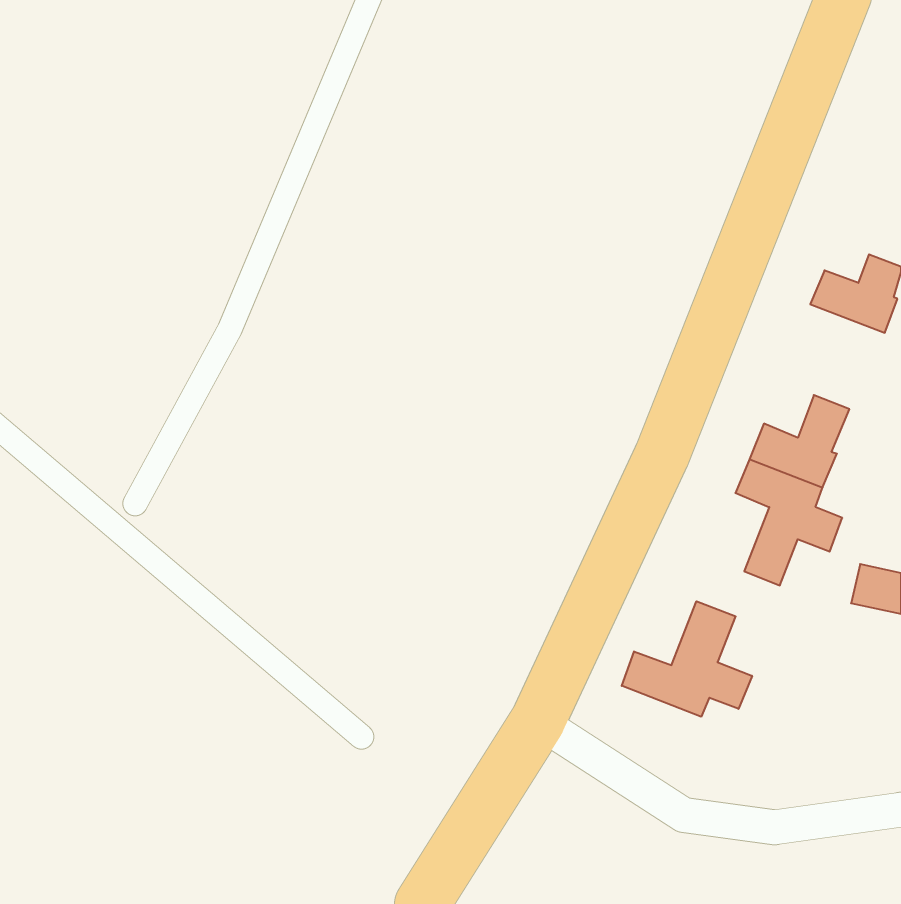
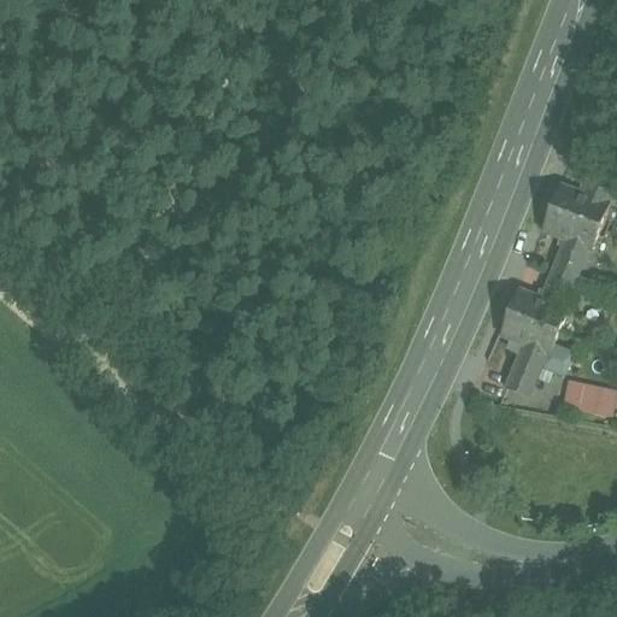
building: none -> [540,206,599,277]
building: [622,601,752,717] -> none

